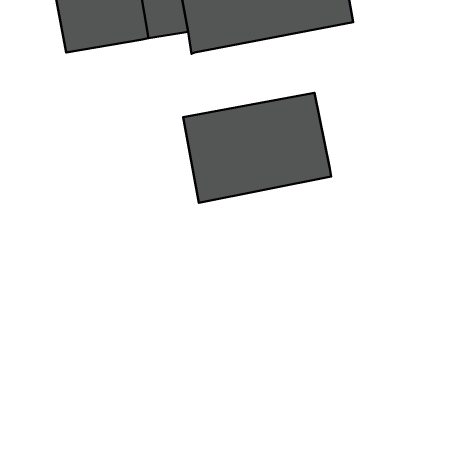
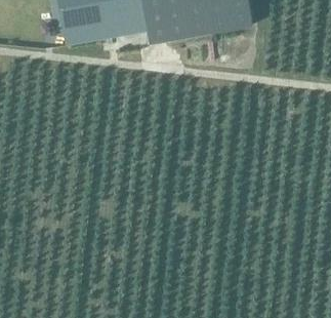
building: [183,93,331,203] -> none

